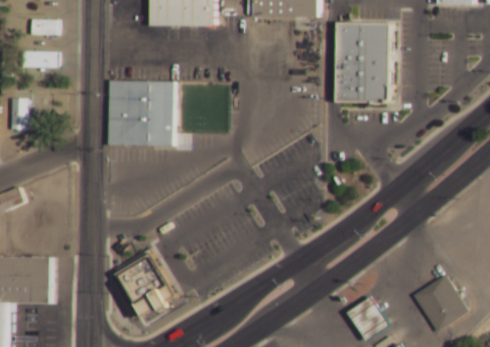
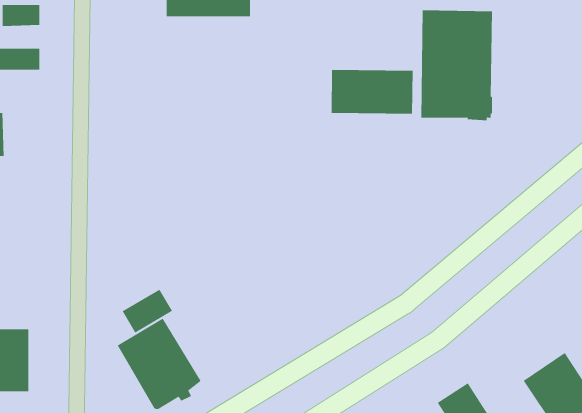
building: none -> [331,69,413,115]
building: [108,81,171,144] -> none
building: none -> [122,289,173,333]

